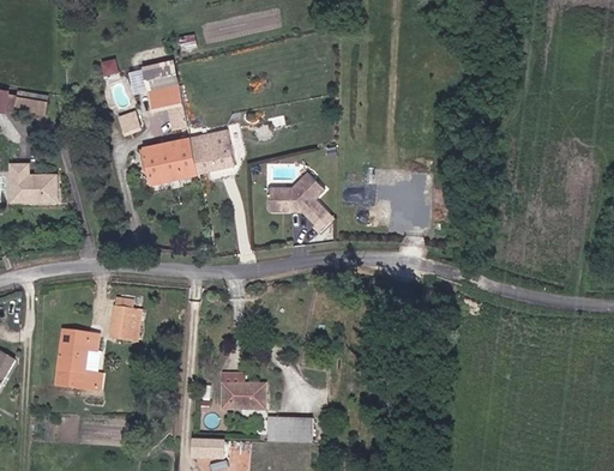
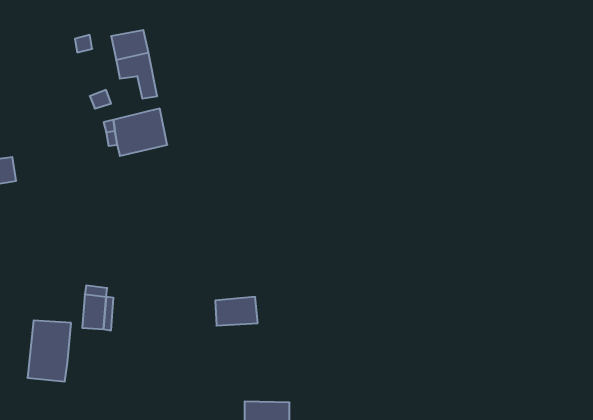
building: [186,125,239,169] -> none
building: [264,169,320,221] -> none
building: [223,384,264,411] -> [215,297,258,326]

